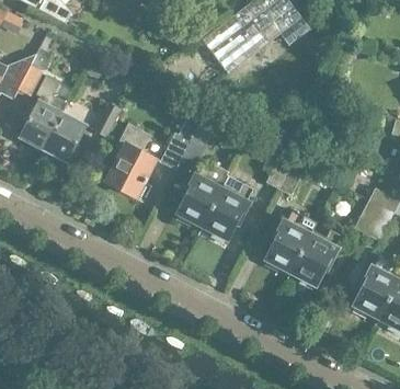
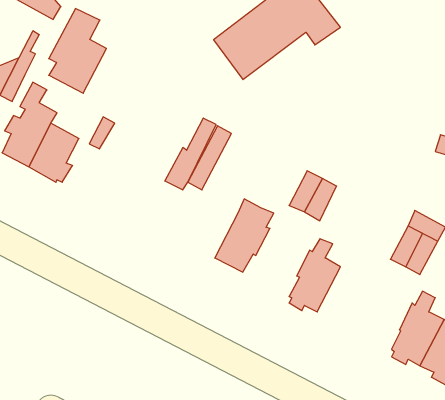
building: [106,125,156,197] -> [49,9,106,93]
building: [178,163,228,227] -> none
building: [290,230,341,289] -> none

